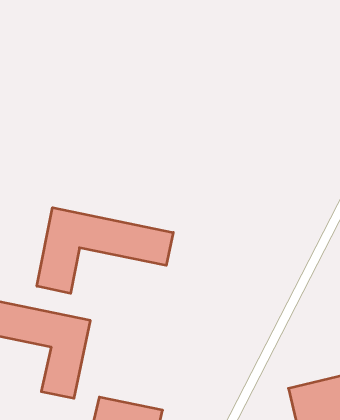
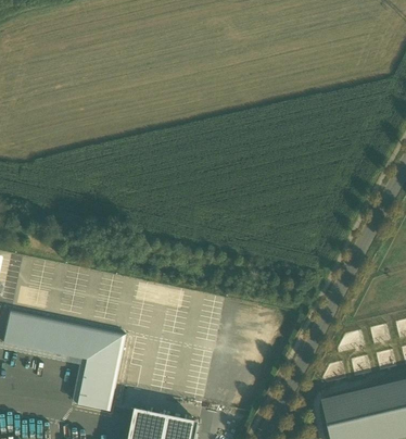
building: [37,208,173,293] -> none

